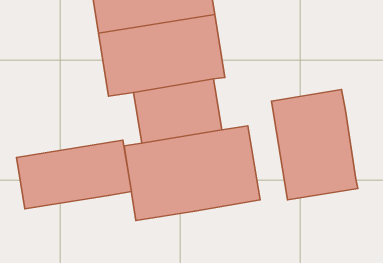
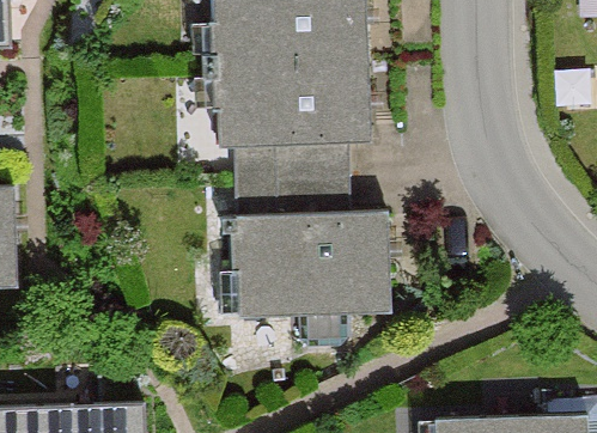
building: [271,90,358,200] -> none
building: [16,140,131,209] -> none

